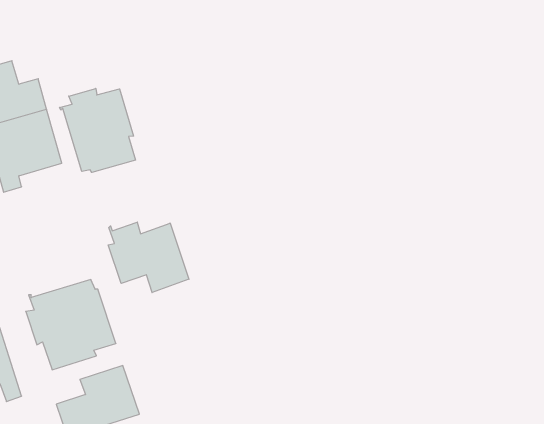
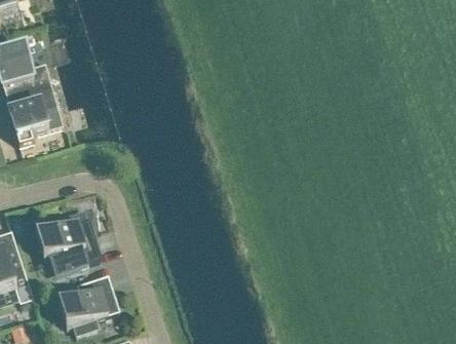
building: [60,88,136,172] -> none
building: [108,222,189,293] -> none

